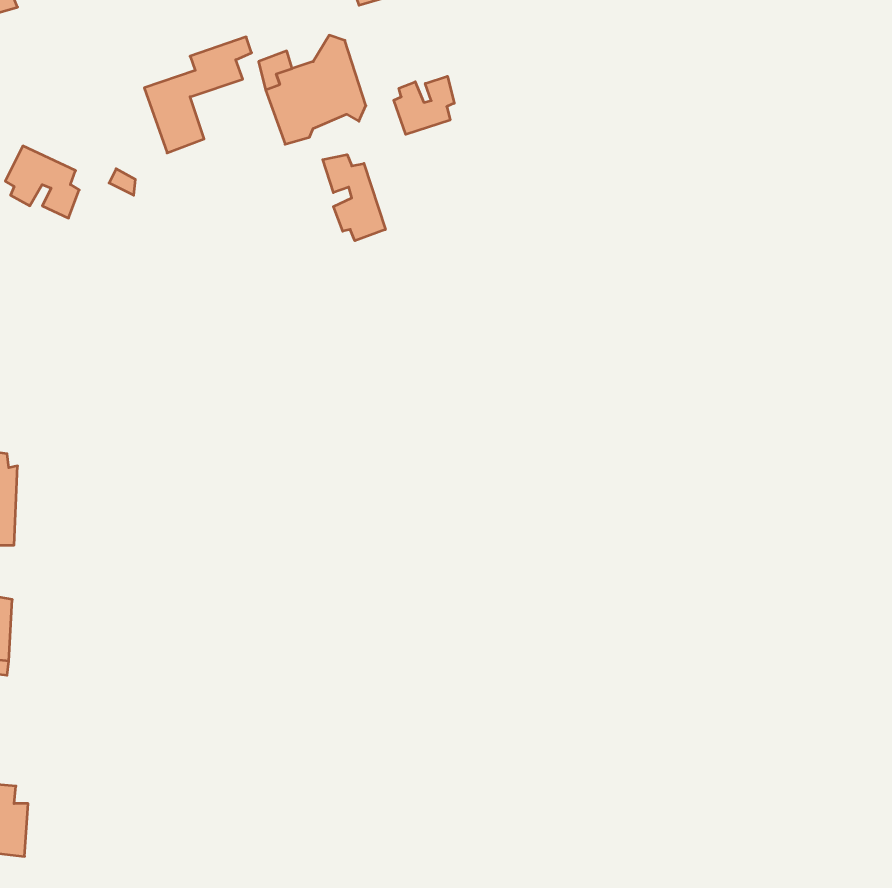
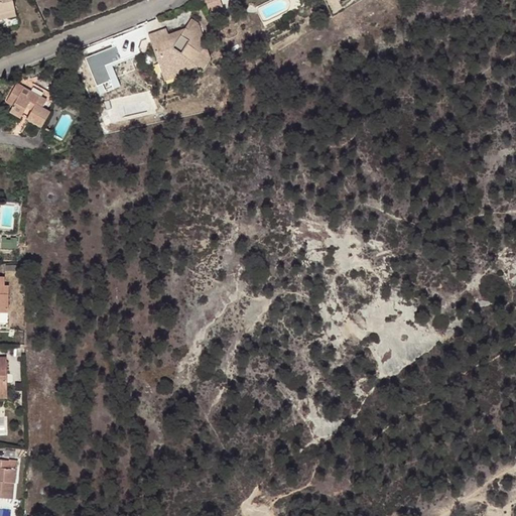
building: [394,76,454,134] -> none
building: [323,155,385,241] -> none

